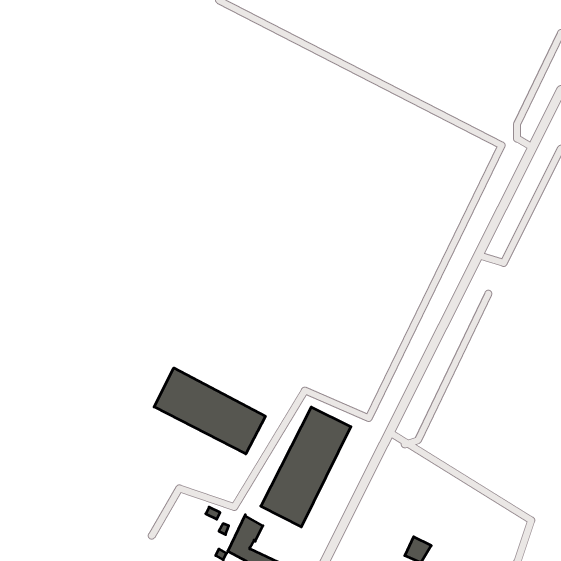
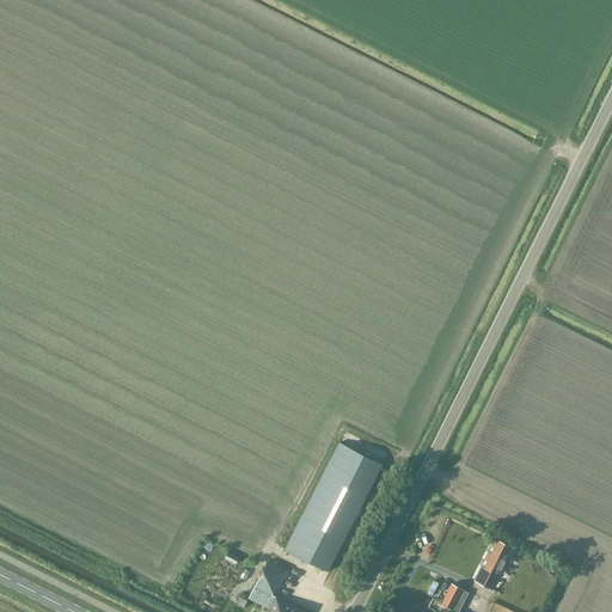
building: [154,368,265,454] -> none
building: none -> [476,539,512,585]

